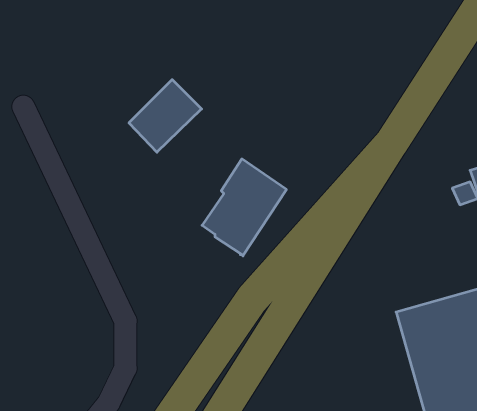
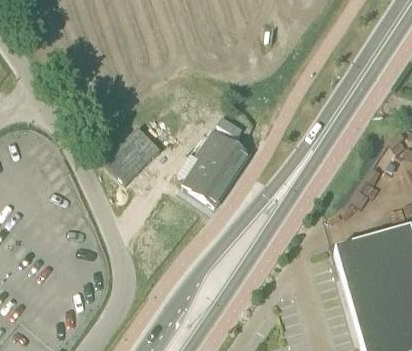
building: [129,80,202,152] -> [105,126,162,183]

